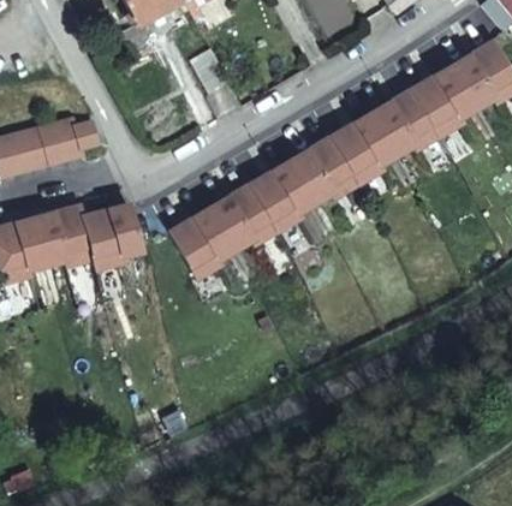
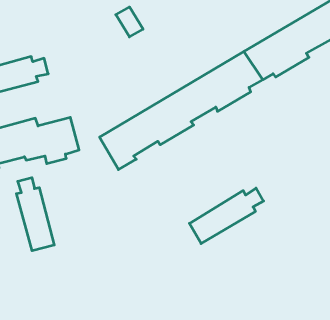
building: none -> [16,178,54,251]
building: none -> [189,188,264,244]

